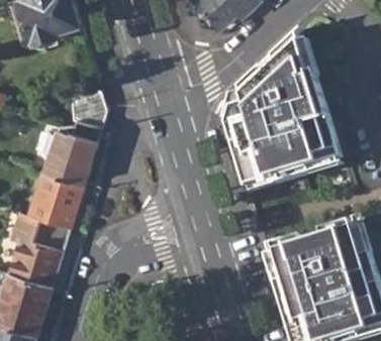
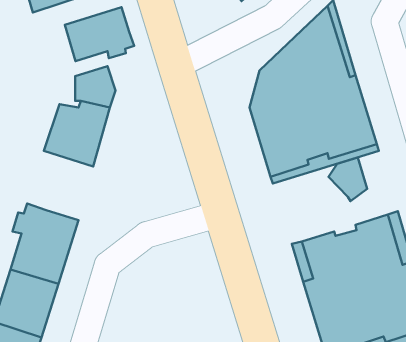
building: none -> [65,7,134,61]
building: [25,163,85,227] -> none
building: none -> [329,158,367,201]

